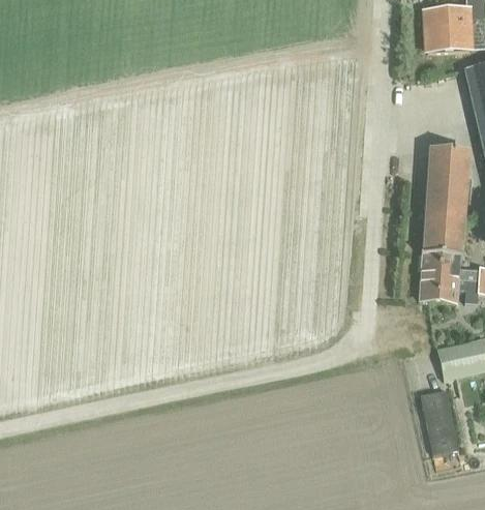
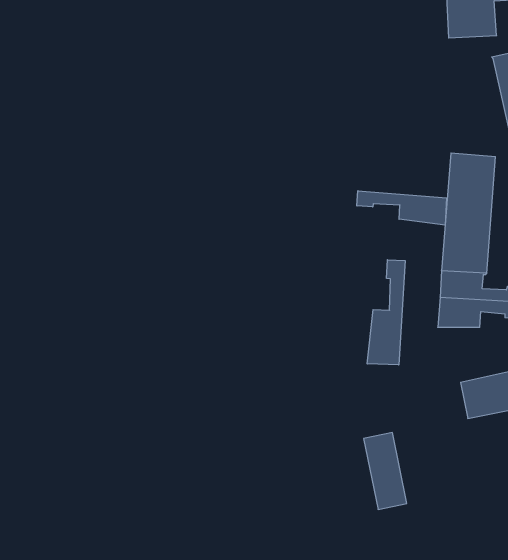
building: none -> [357,191,447,225]
building: none -> [367,260,405,365]
building: [421,388,458,454] -> [364,433,407,509]

